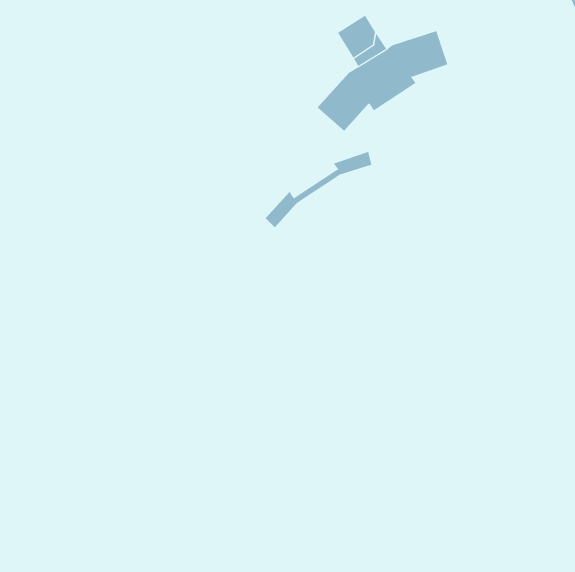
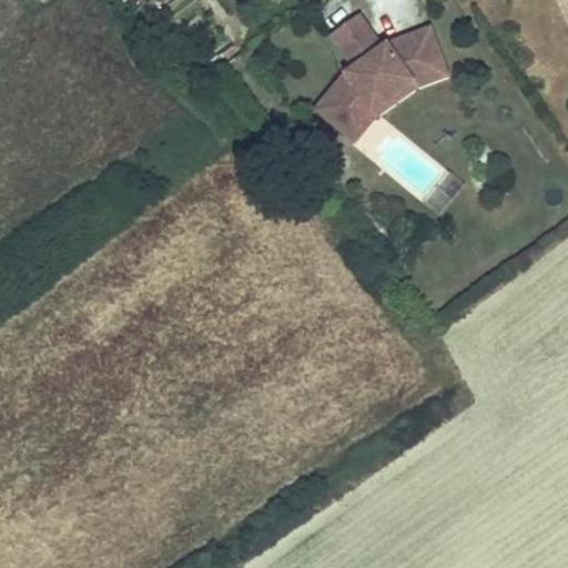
building: [265,151,372,228] -> [341,63,446,139]

